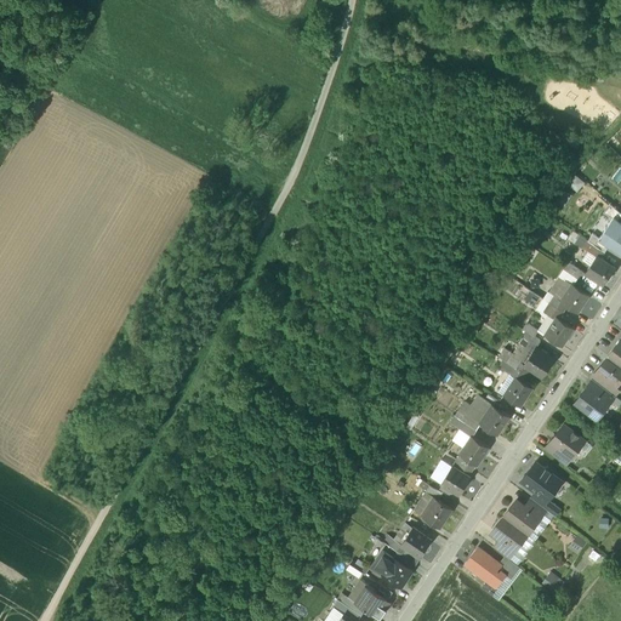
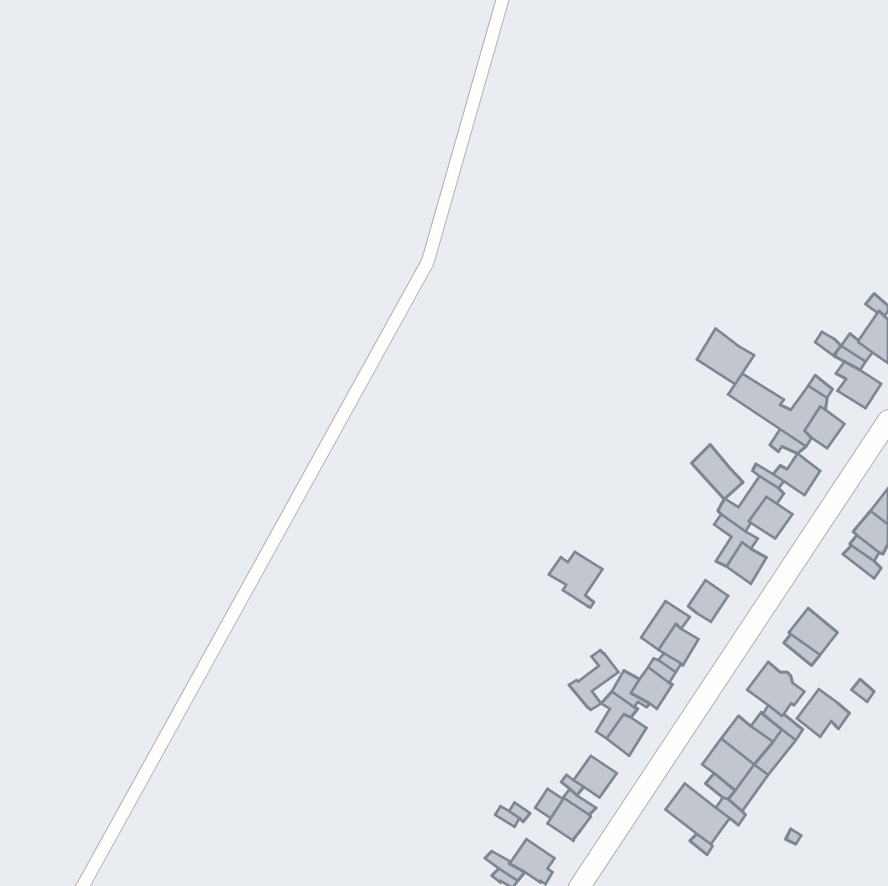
building: none -> [697,329,754,384]
building: none -> [692,444,743,499]
building: [576,388,610,421] -> none
building: [455,394,492,433] -> [549,552,603,607]
building: none -> [569,650,619,710]
building: none -> [797,689,849,737]

